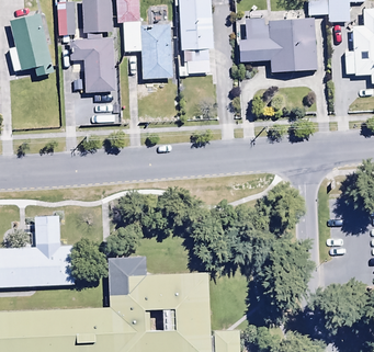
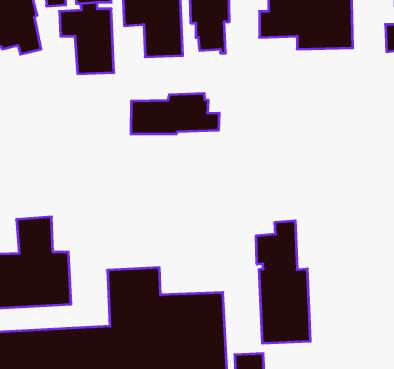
building: none -> [131,93,219,134]
building: none -> [256,221,310,343]

